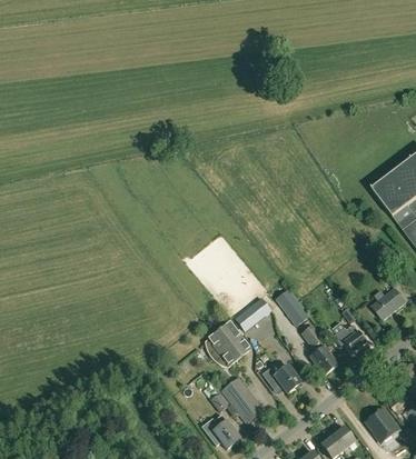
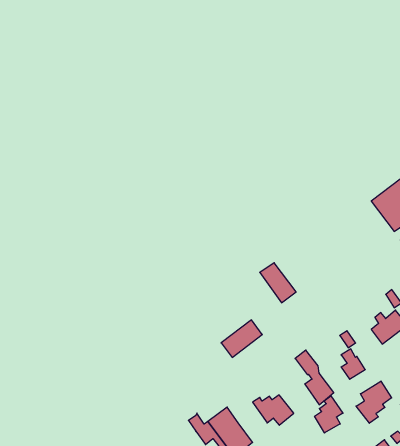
building: [275,289,308,326] -> [260,263,296,303]
building: [205,321,251,367] -> none
building: none -> [356,381,392,423]
building: none -> [315,396,343,433]

